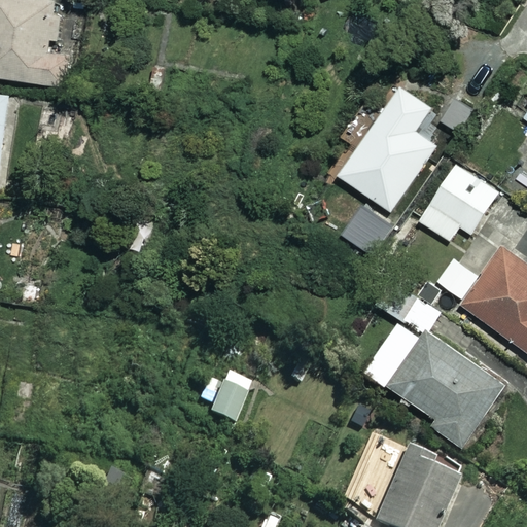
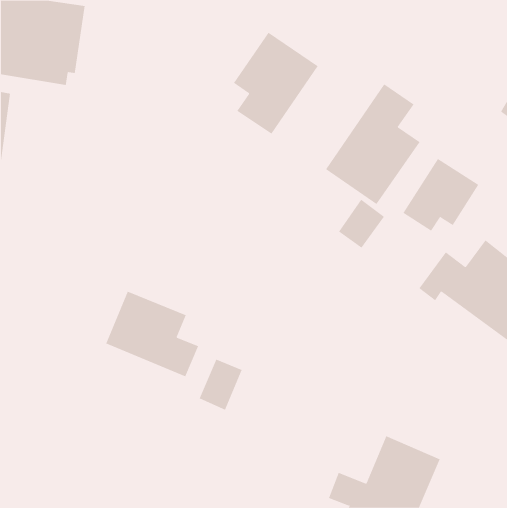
building: none -> [233,32,319,135]
building: [362,278,502,447] -> none
building: none -> [106,291,199,377]

